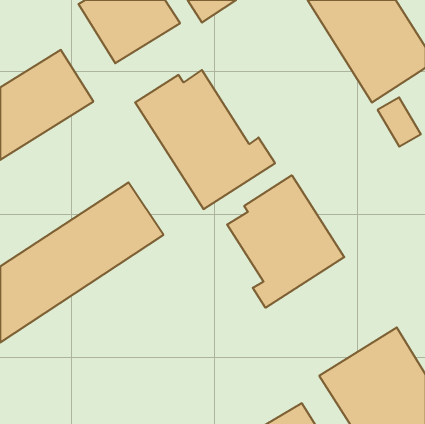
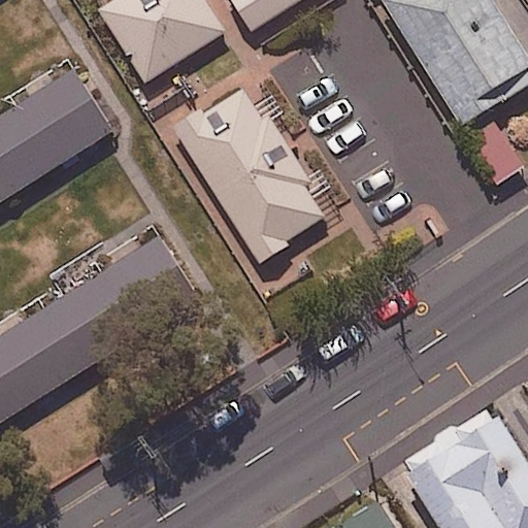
building: [227,175,344,308] -> none

